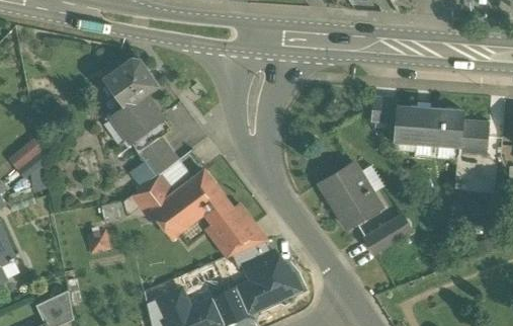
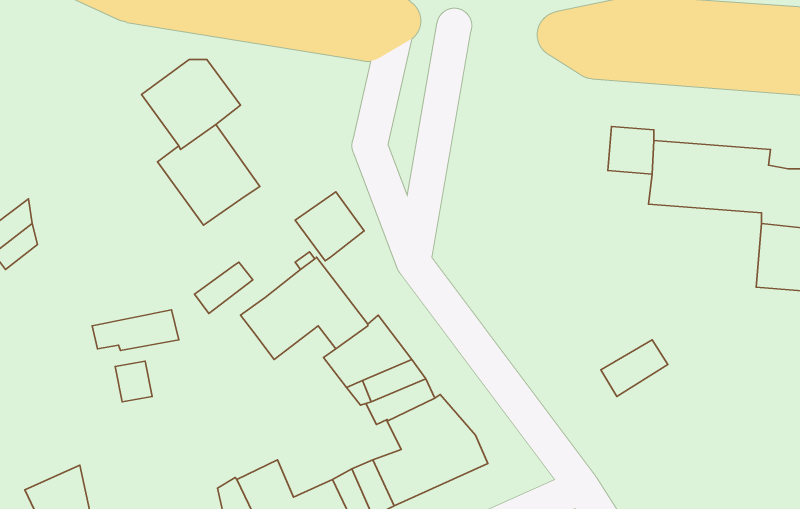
building: [139,137,178,176] -> [295,192,364,261]
building: [320,162,380,226] -> none
building: [142,184,174,222] -> none

